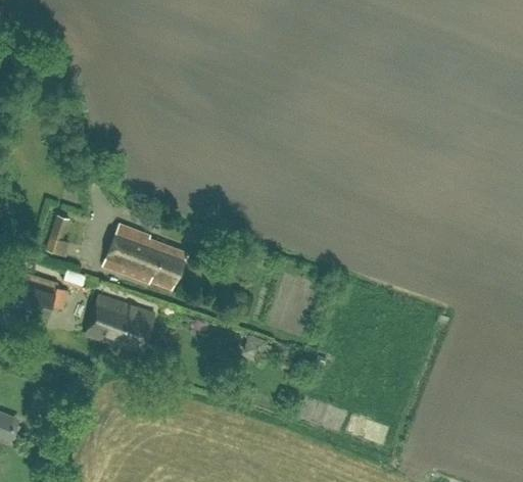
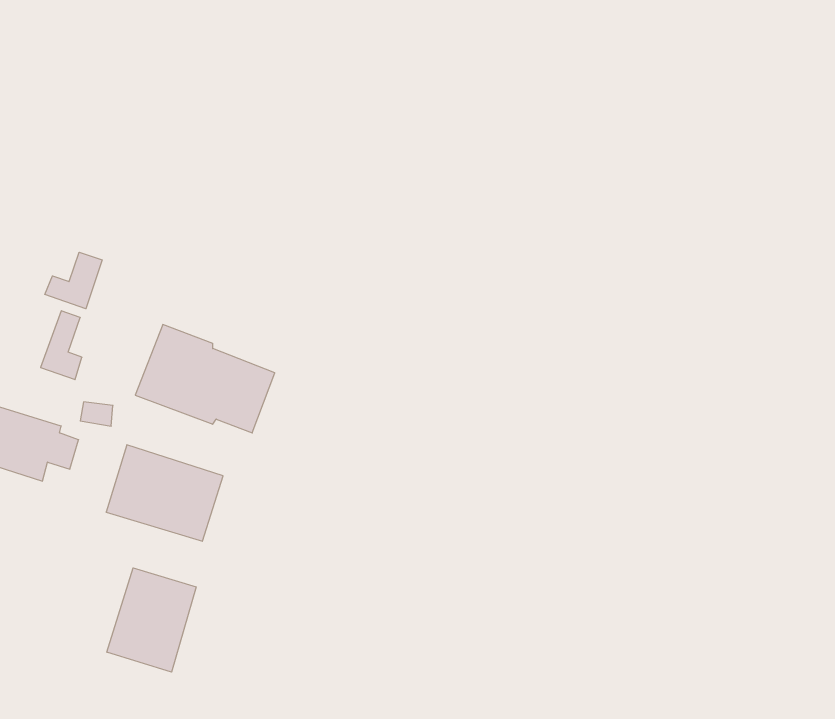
building: none -> [45,252,102,309]
building: none -> [107,568,196,672]

